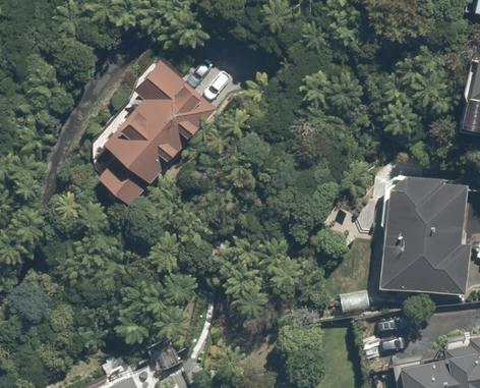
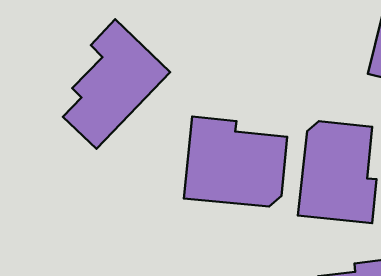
building: none -> [184,116,287,207]

